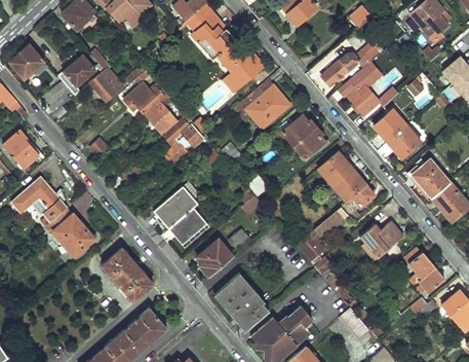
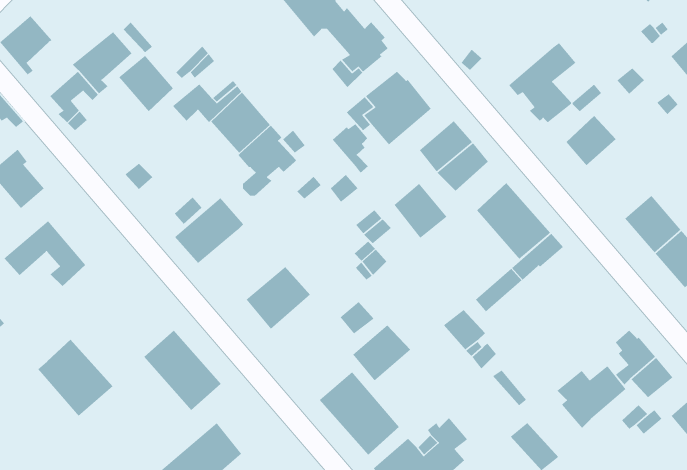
building: [317,39,385,92] -> none
building: none -> [332,123,369,174]
building: [388,124,421,158] -> none
building: none -> [394,183,448,239]
building: [153,185,198,228] -> [174,197,244,264]
building: [44,206,93,256] -> [37,339,113,417]
building: [357,221,402,262] -> [556,365,627,429]
building: [195,240,233,277] -> [352,324,411,382]

